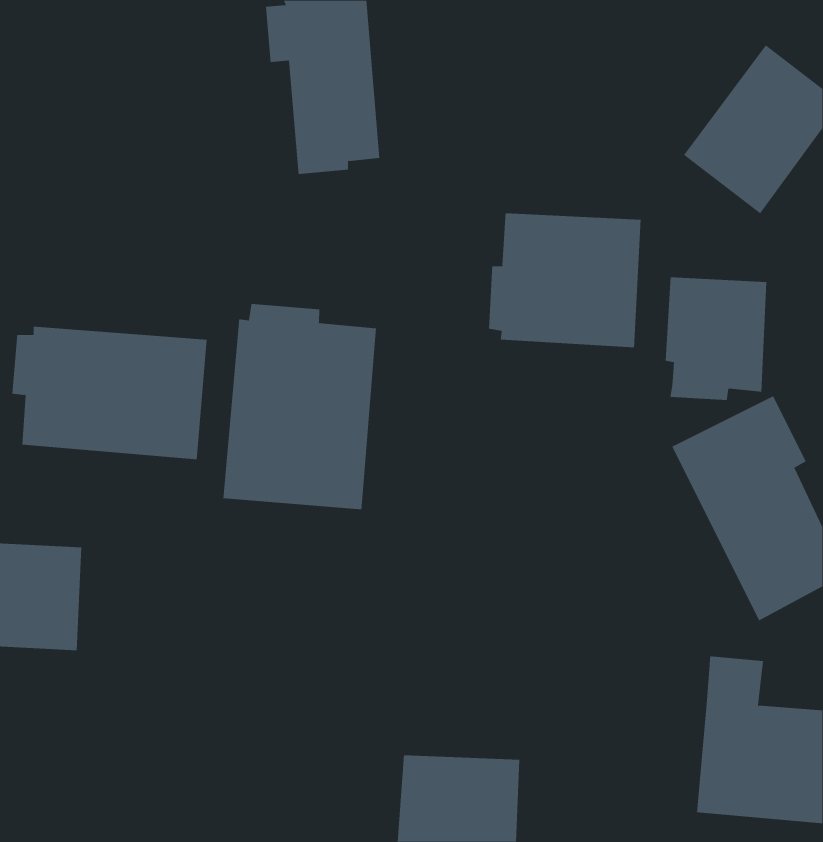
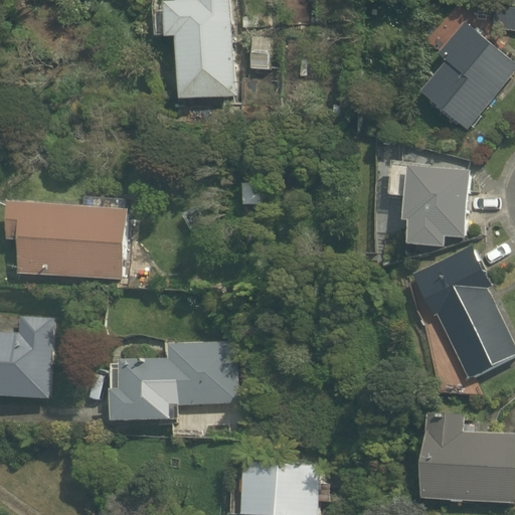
building: [489,213,641,348] -> none
building: [223,303,376,510] -> none
building: none -> [117,359,229,417]

